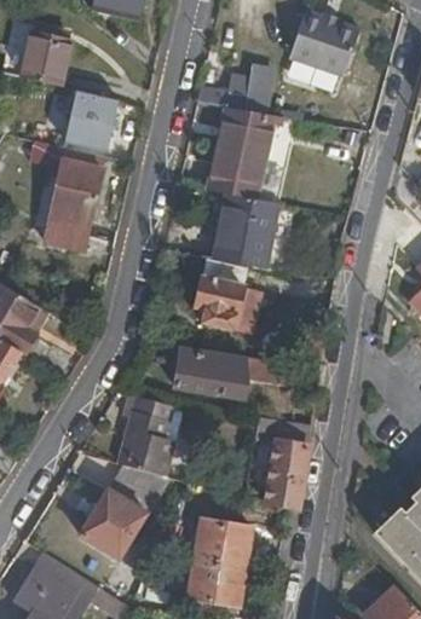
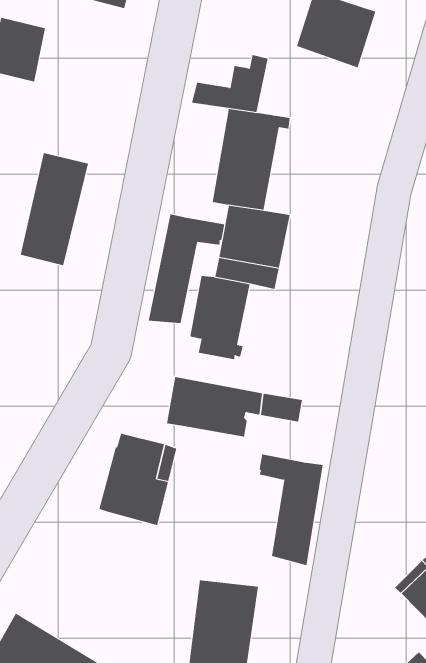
building: [64,92,117,150] -> none
building: none -> [148,213,225,324]
building: [79,463,167,557] -> none

